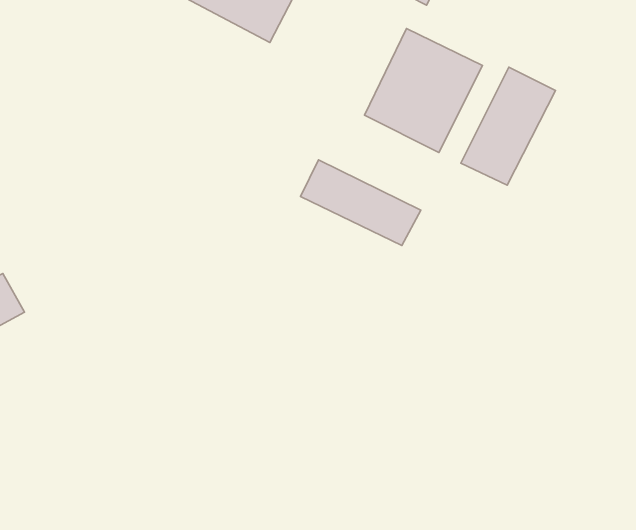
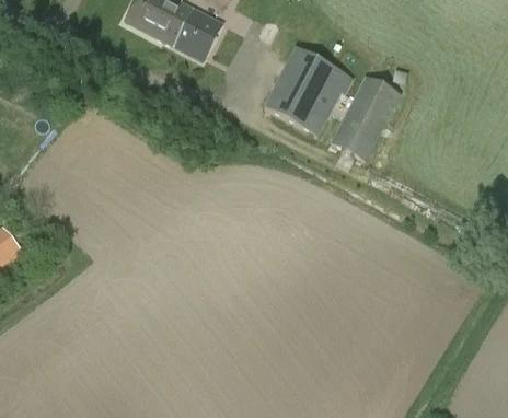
building: [300,160,421,246] -> none

